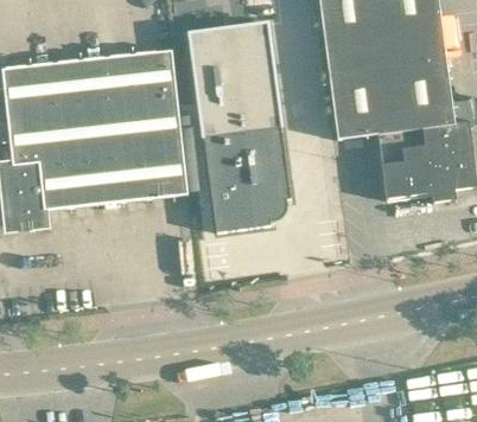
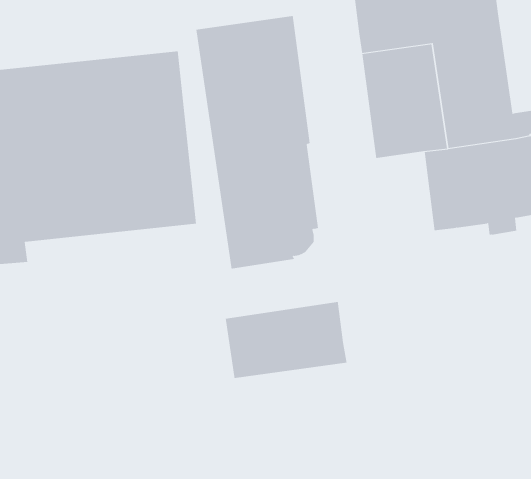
building: none -> [225,301,347,379]

